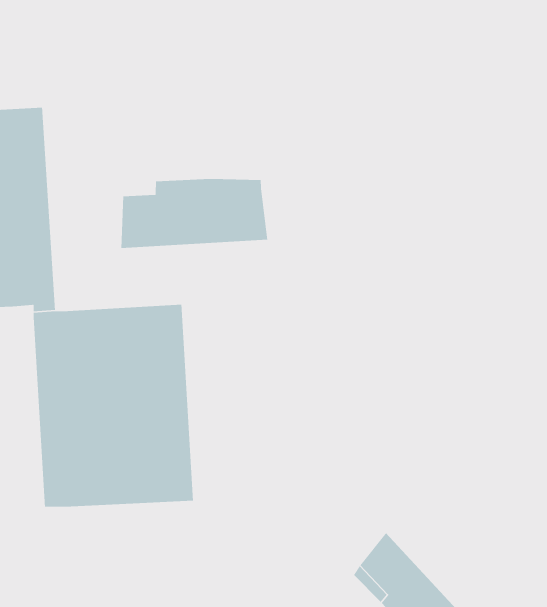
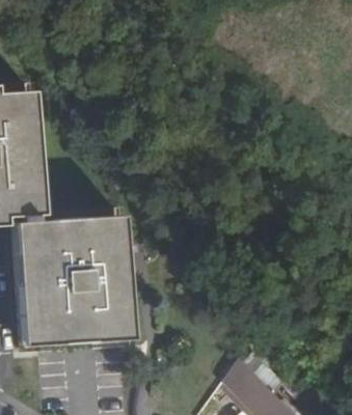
building: [120,178,268,249] -> none

